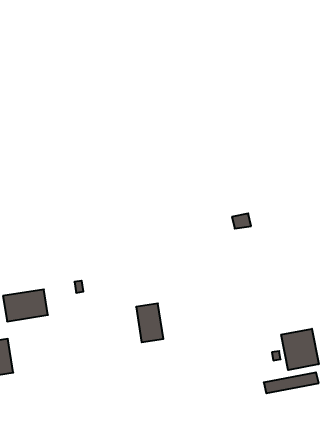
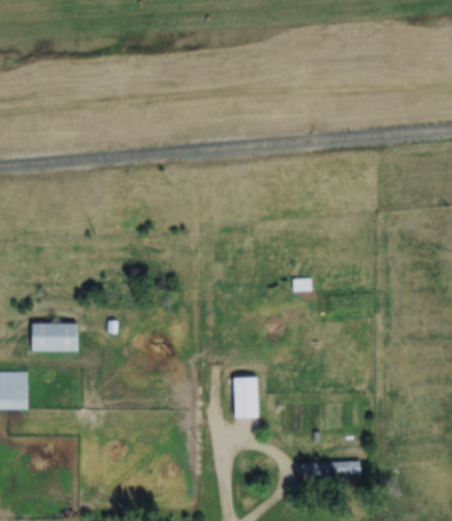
building: [136,303,163,342] -> [235,378,260,417]
building: [281,329,319,370] -> none

